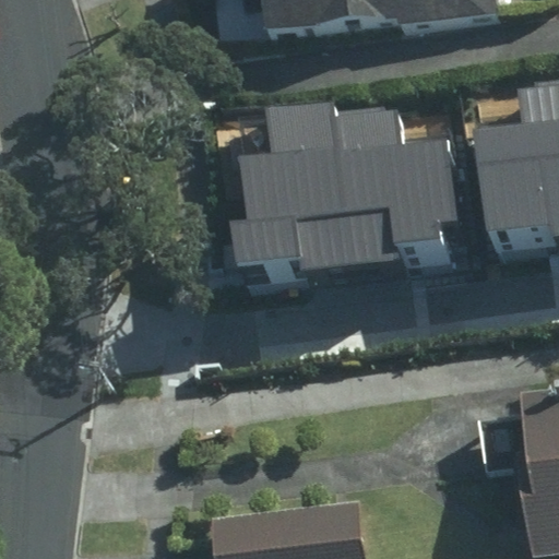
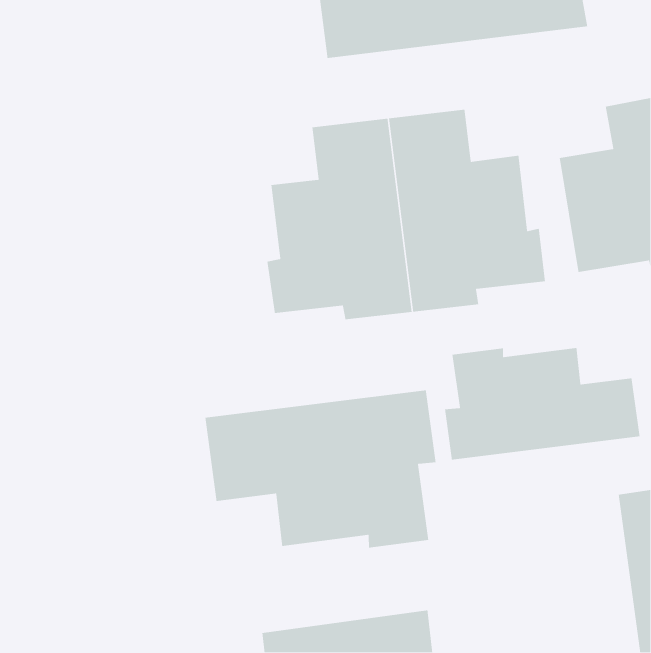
building: none -> [444,347,640,461]
building: none -> [204,389,436,549]

